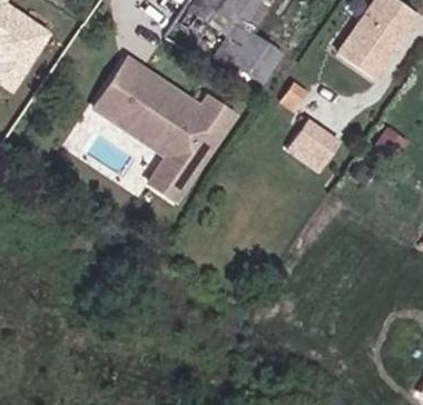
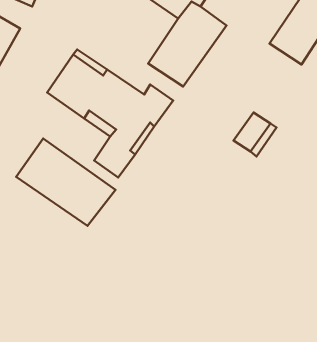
building: none -> [16,138,116,226]

